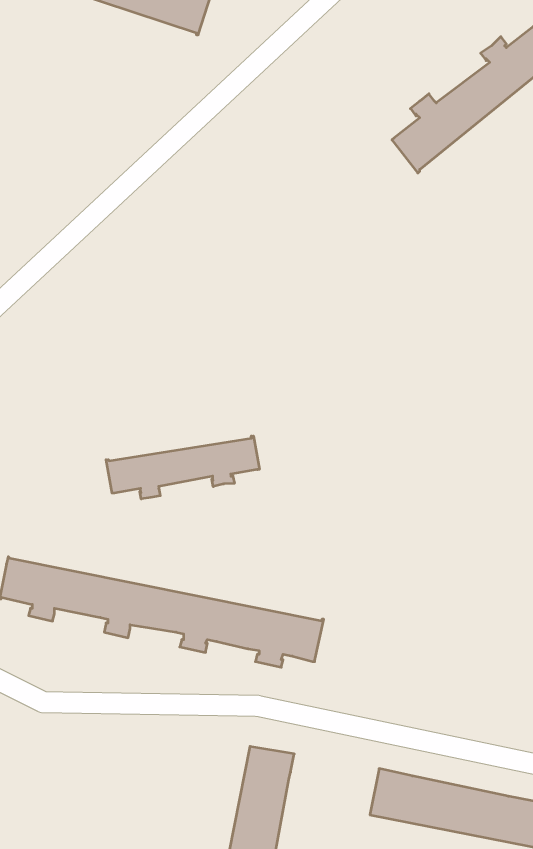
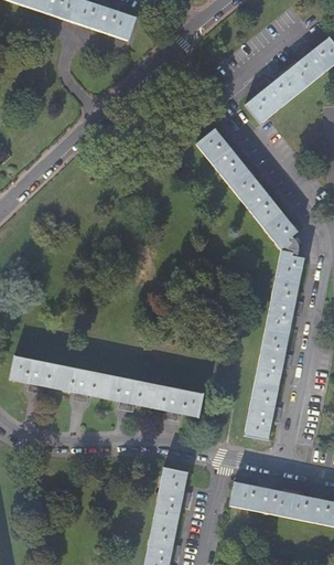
building: none -> [195,127,304,439]
building: [106,436,259,499] -> none

